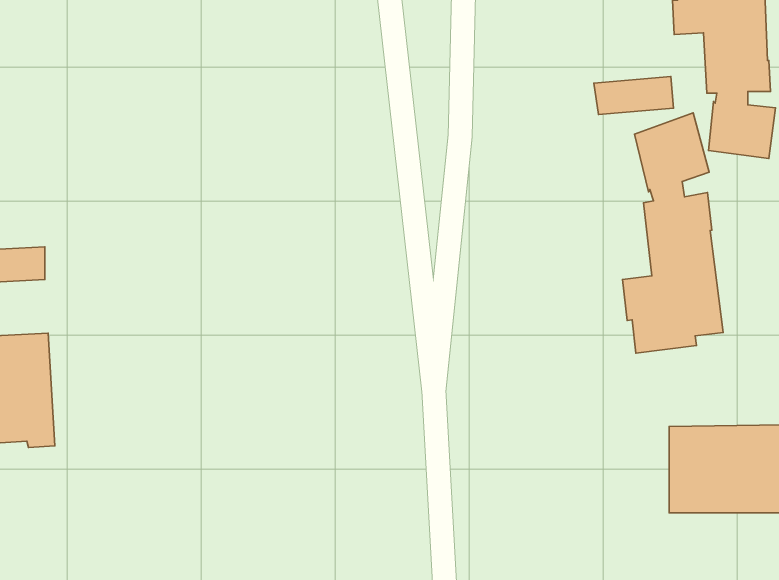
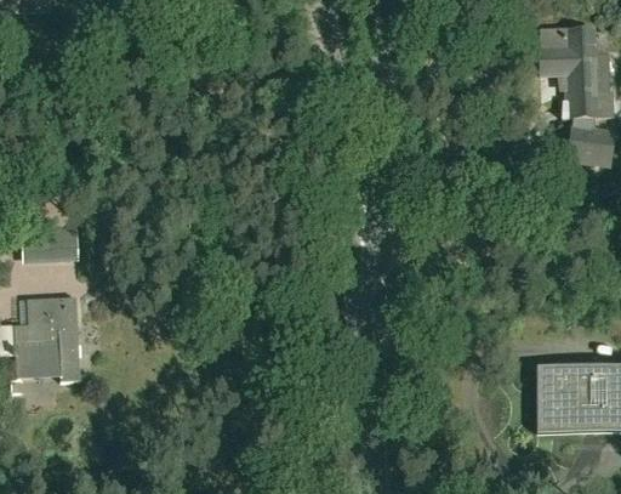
building: [594,76,674,115] -> none
building: [622,113,723,353] -> none

